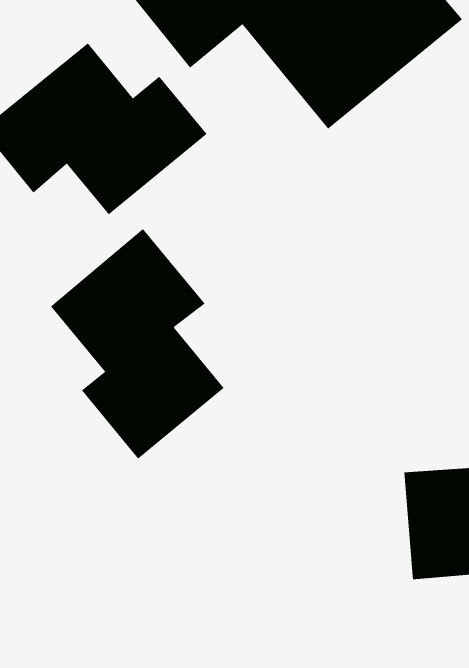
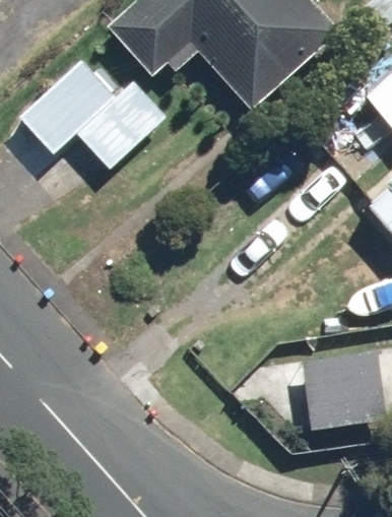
building: [50,228,225,459] -> none

